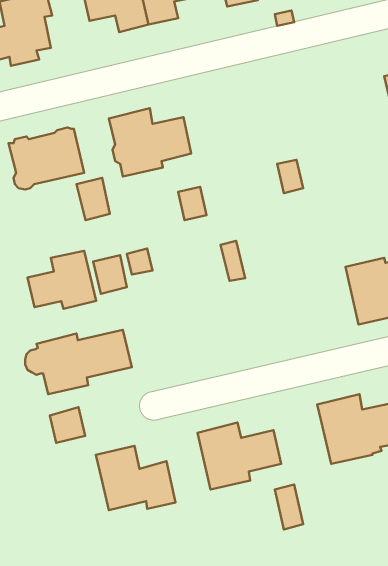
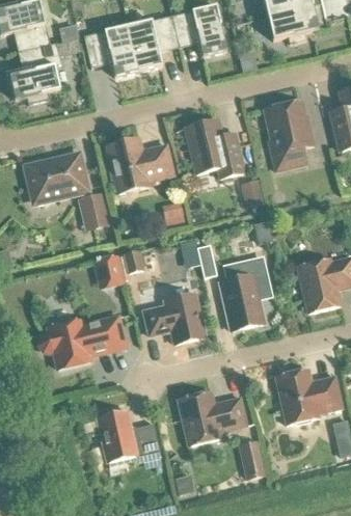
building: none -> [266,99,314,169]
building: none -> [185,119,245,176]
building: [28,251,96,309] -> none
building: none -> [219,254,272,329]
building: none -> [143,293,204,343]
building: [50,407,85,443] -> none

